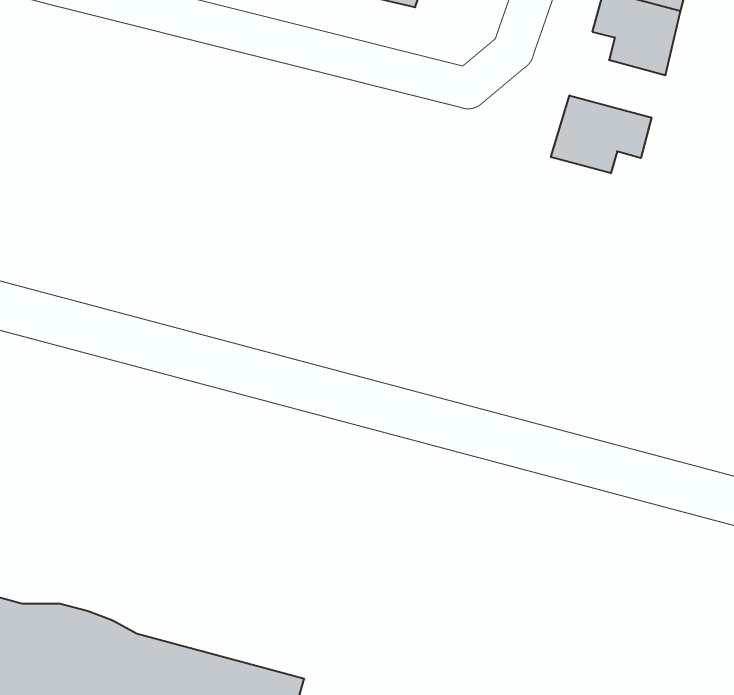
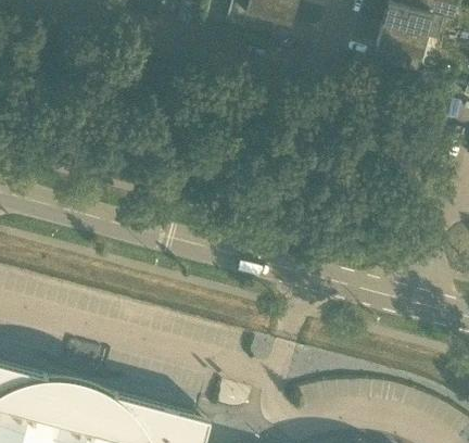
building: [551,95,651,173] -> none

